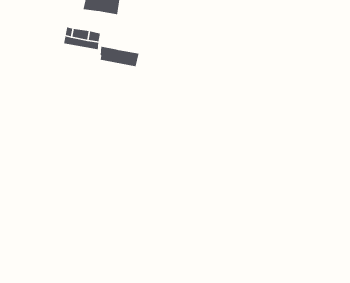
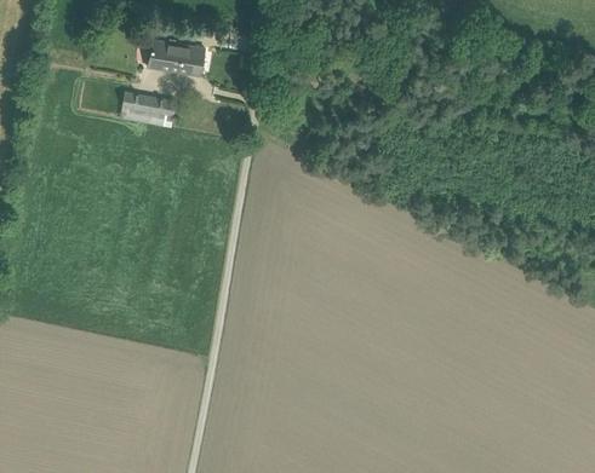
building: [98,45,139,67] -> none

